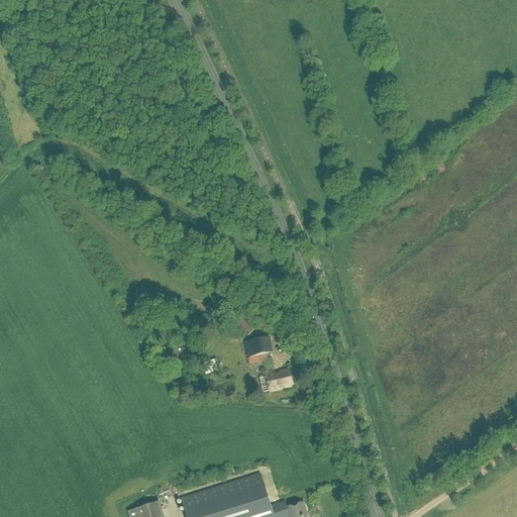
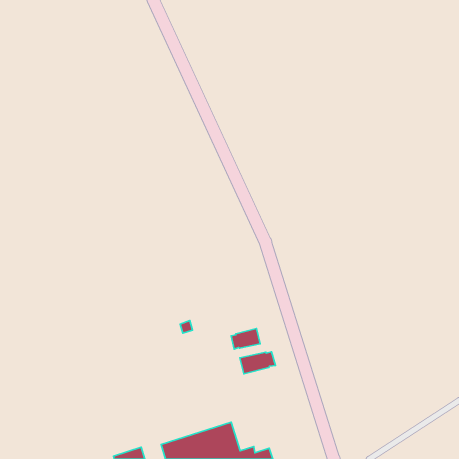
building: [243,338,267,363] -> none
building: none -> [240,352,275,374]

